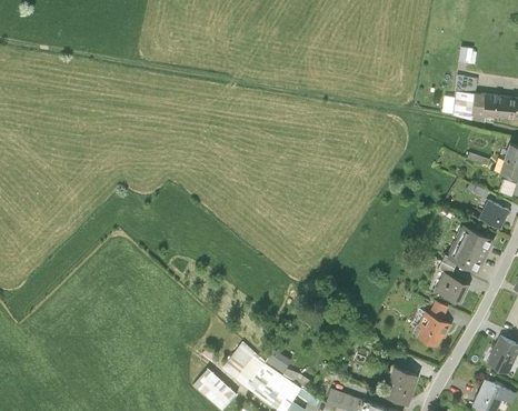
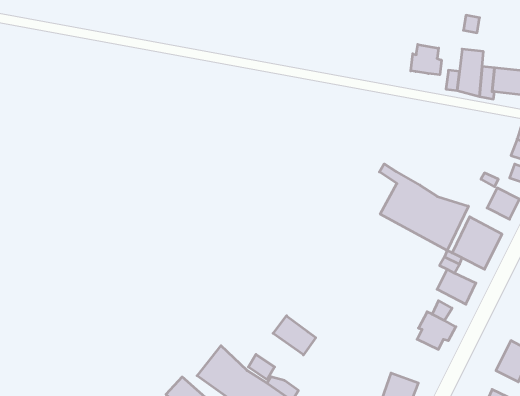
building: none -> [411,44,441,75]
building: none -> [379,164,468,250]
building: none -> [273,316,316,355]

